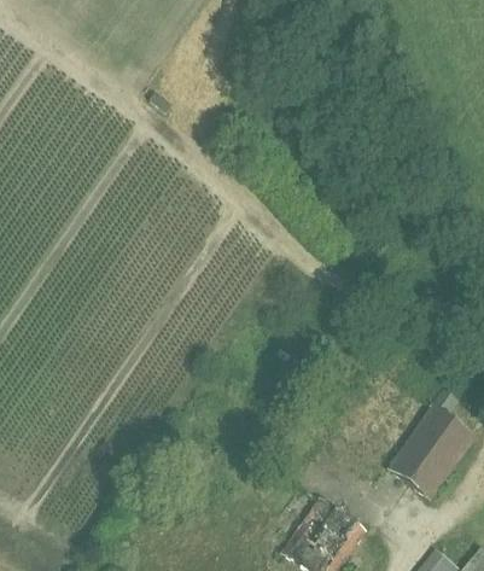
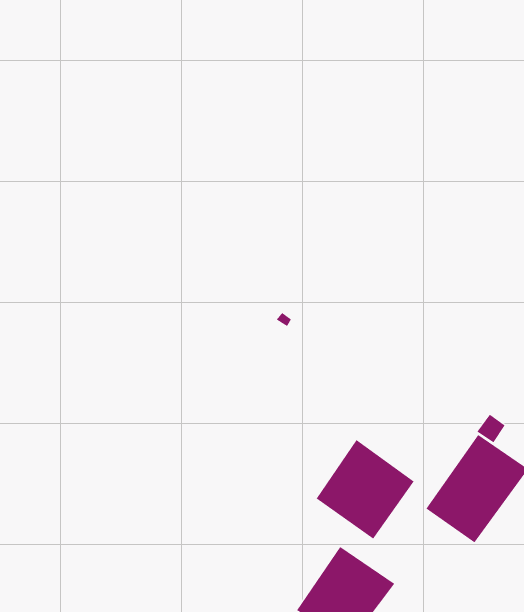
building: none -> [316,439,414,539]

